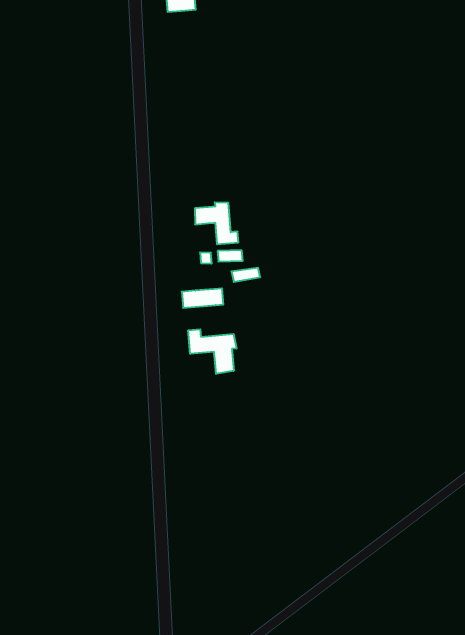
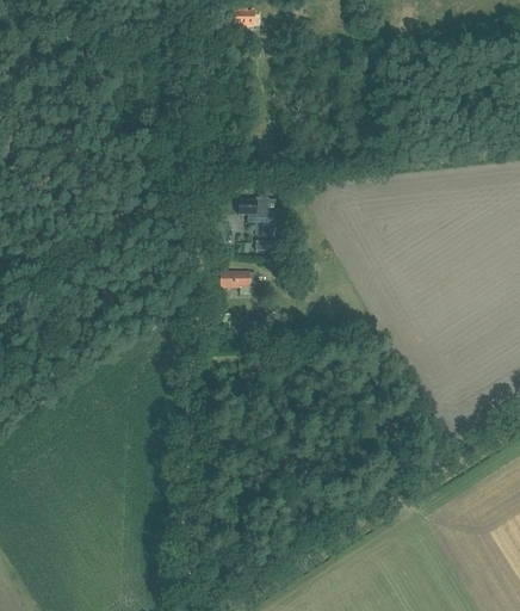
building: [188,329,236,374] -> none

